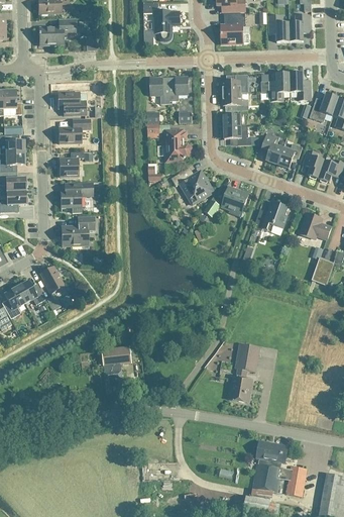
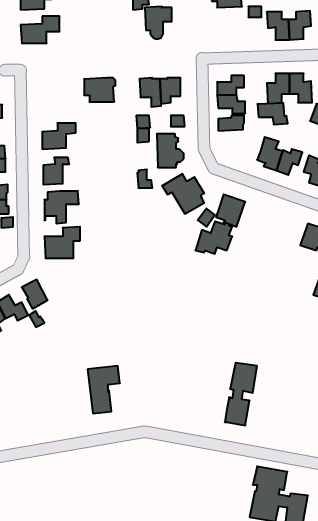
building: [220,12,249,43] -> none
building: [58,92,87,114] -> [84,78,115,102]
building: [223,125,251,145] -> [257,103,288,125]
building: [253,201,288,231] -> [195,221,232,254]

